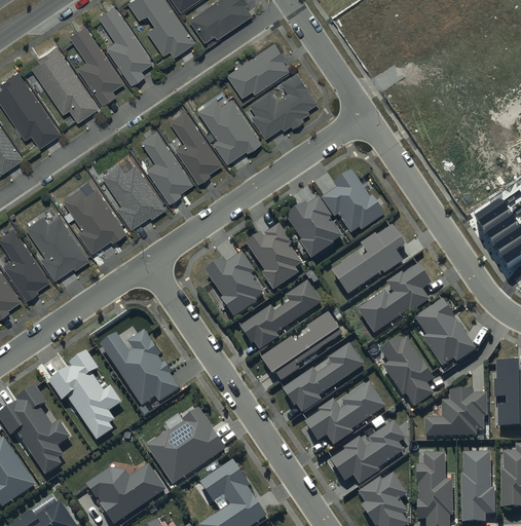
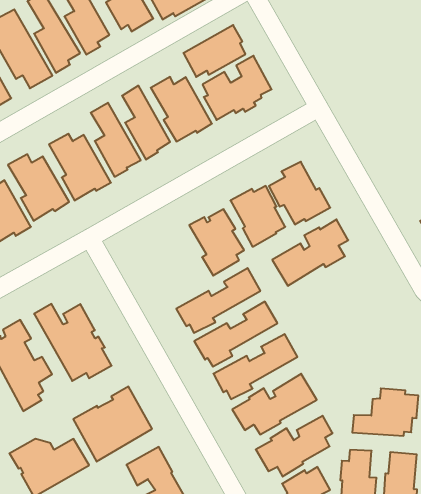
building: [203,253,263,316] -> none
building: [358,264,432,334] -> none
building: [414,299,476,367] -> none
building: [379,337,434,407] -> none

